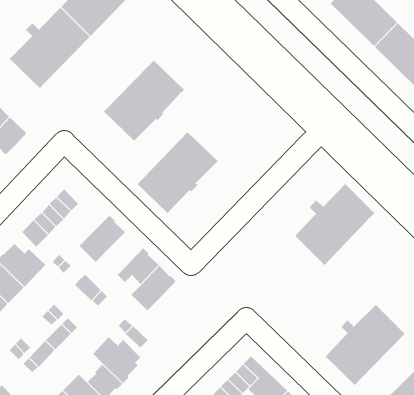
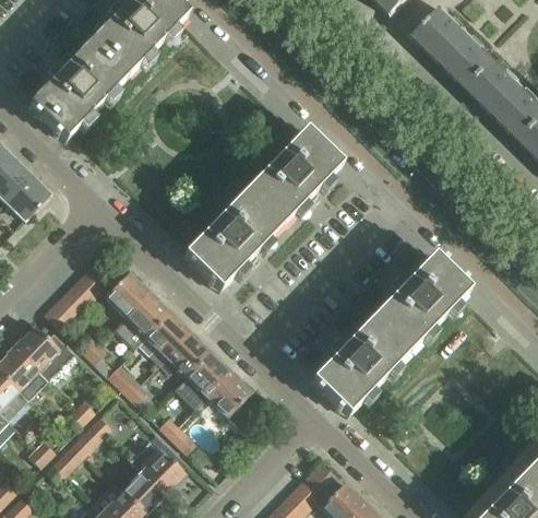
building: [103,60,185,141] -> [242,129,340,227]
building: none -> [104,272,148,316]
building: none -> [145,313,189,364]
building: none -> [194,372,252,426]
building: [325,304,406,386] -> [310,317,407,415]

